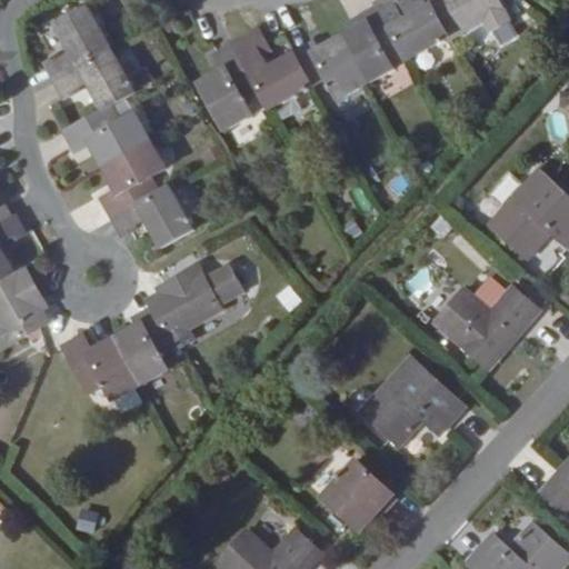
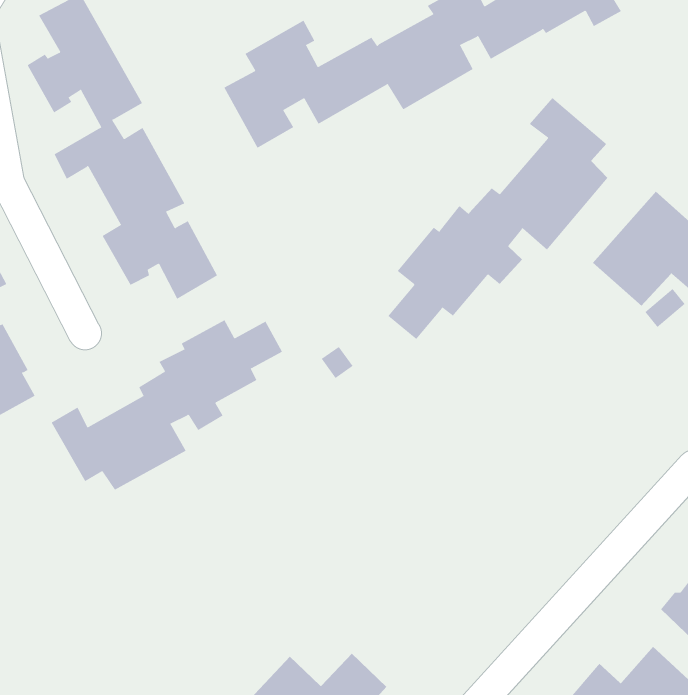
building: none -> [387,97,608,340]
building: [427,276,536,360] -> none
building: [360,358,468,449] -> none
building: [321,460,395,532] -> none

